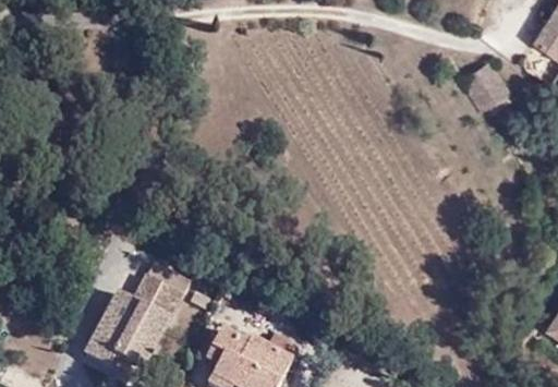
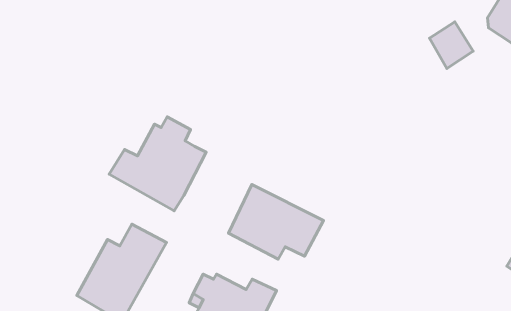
building: none -> [109,117,206,211]
building: none -> [228,185,324,259]

